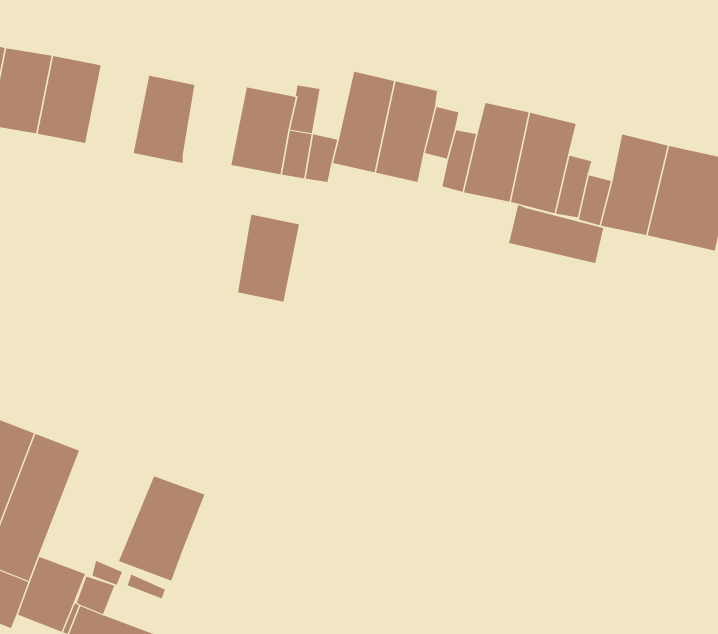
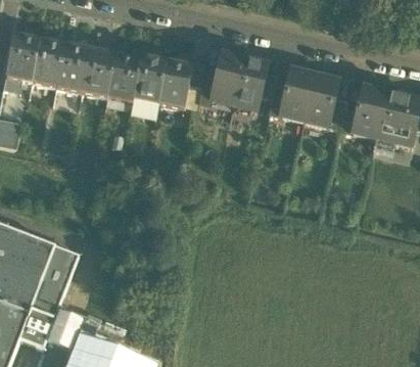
building: none -> [82,50,114,96]
building: [509,204,604,264] -> none
building: [237,214,300,302] -> [133,56,166,102]
building: [118,475,205,582] -> none

